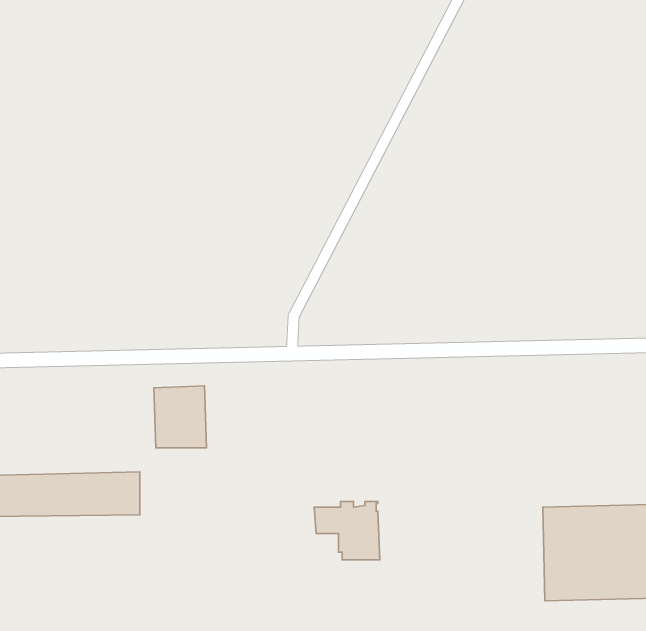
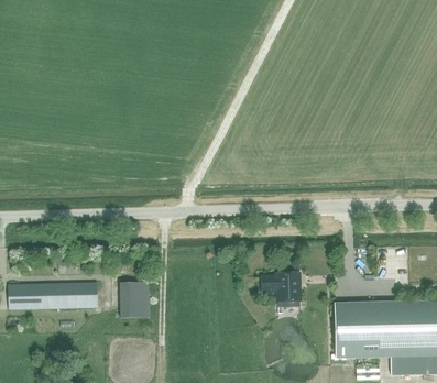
building: [154,386,206,448] -> [119,281,150,317]
building: [314,502,380,560] -> [261,272,299,306]

